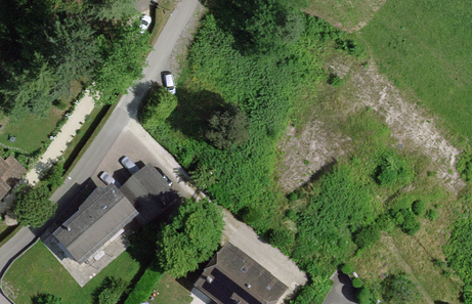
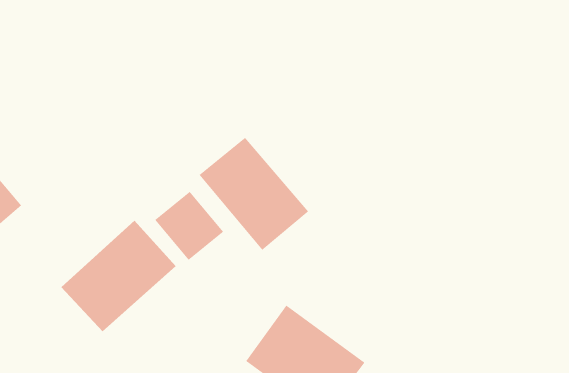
building: none -> [198,137,309,251]

